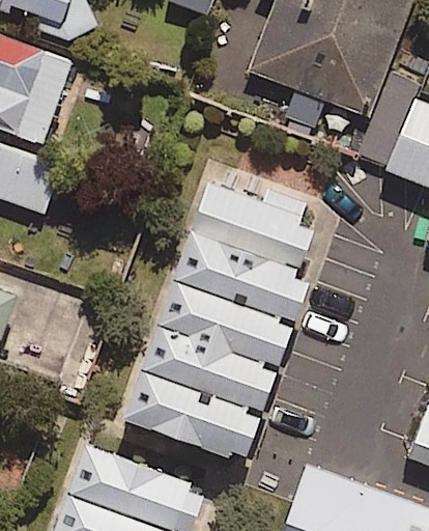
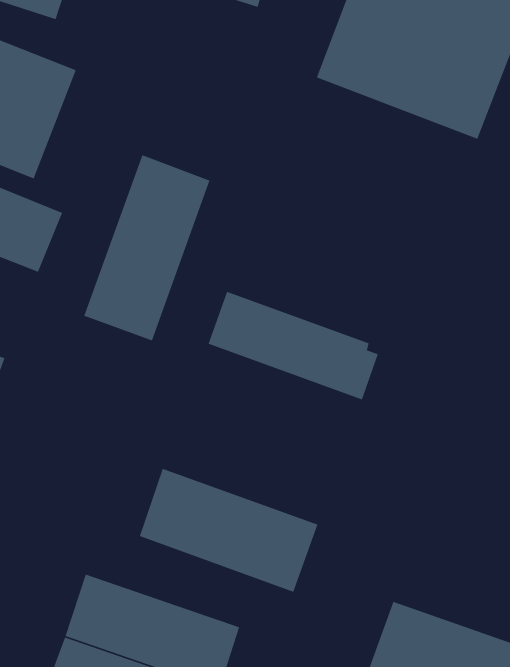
building: none -> [83,154,211,341]
building: [183,166,315,270] -> none
building: [135,271,286,407] -> none

